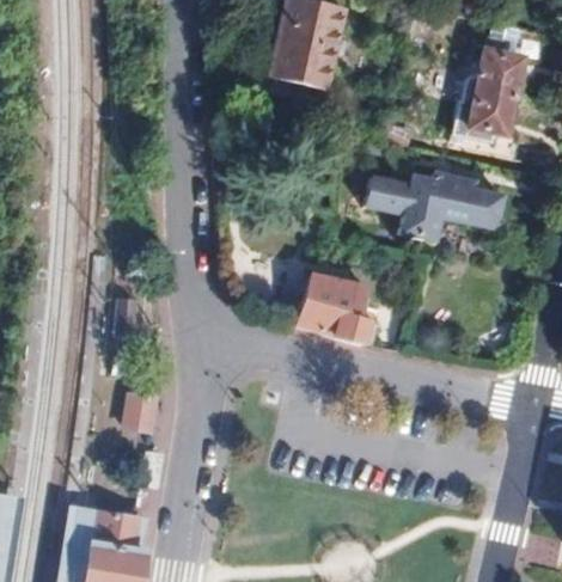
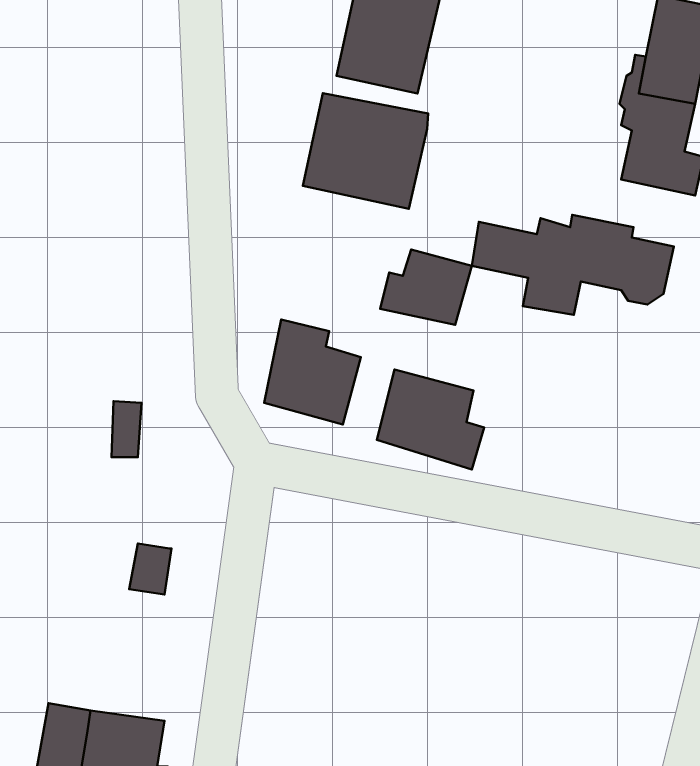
building: none -> [303,93,428,209]
building: none -> [380,249,472,325]
building: none -> [264,319,361,425]

